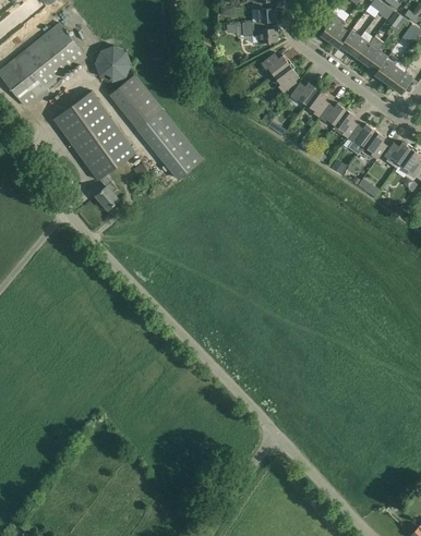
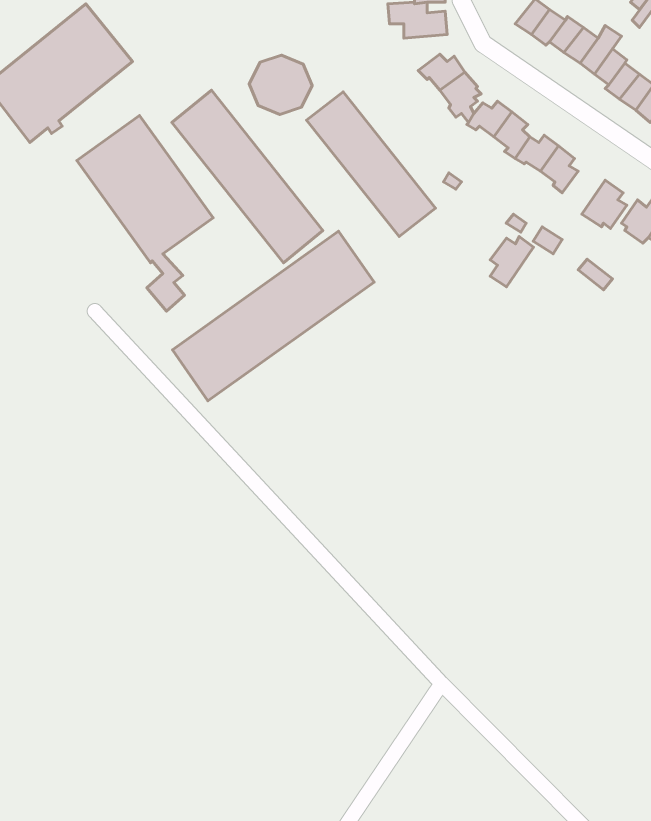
building: [93,46,131,82] -> [249,55,312,114]
building: none -> [307,92,435,236]
building: [347,123,373,154] -> [490,236,533,287]
building: none -> [172,231,374,401]

